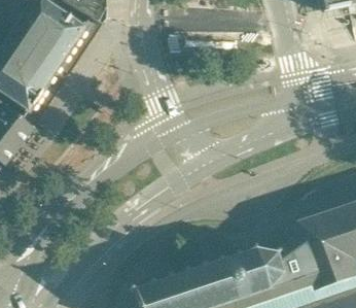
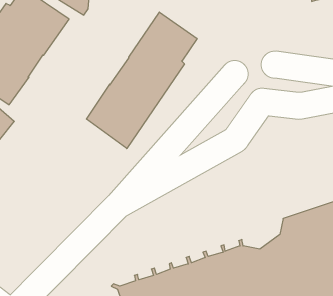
building: none -> [86,12,197,149]

